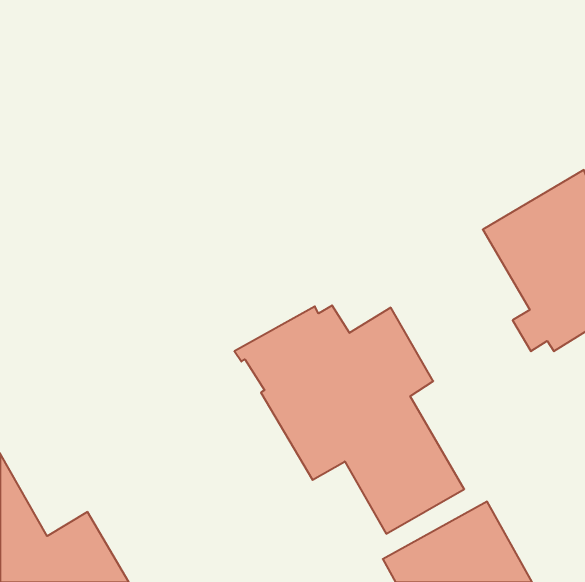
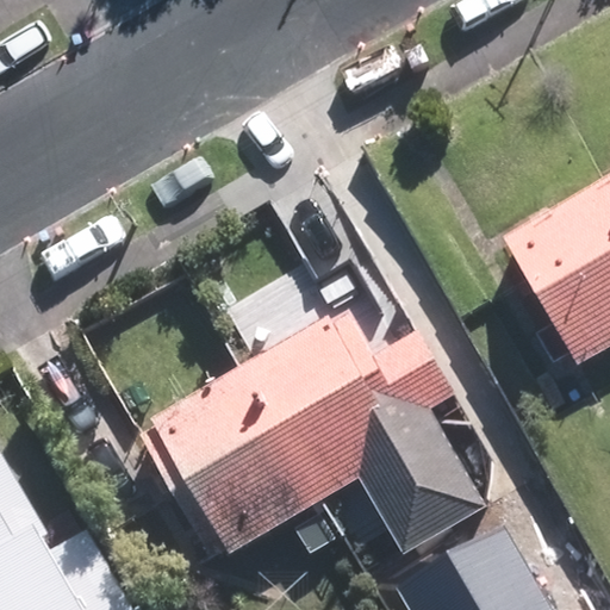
building: none -> [142,365,326,558]

